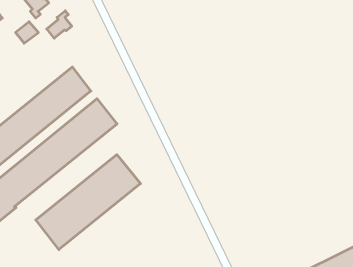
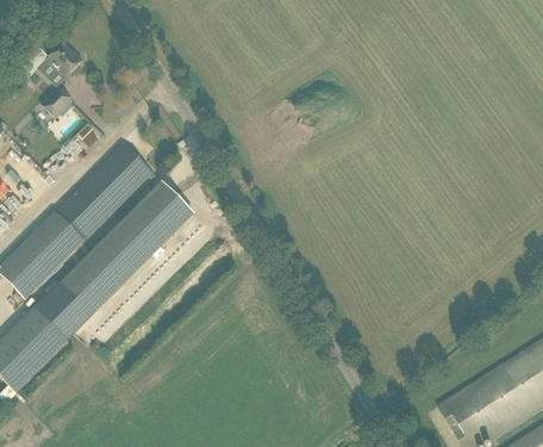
building: [47,11,72,38] -> none
building: [36,155,141,250] -> none

